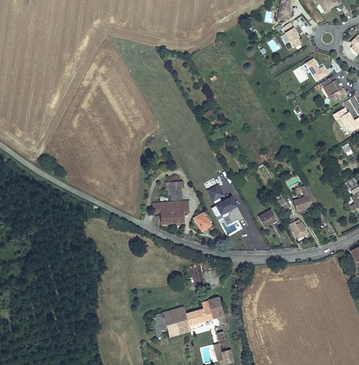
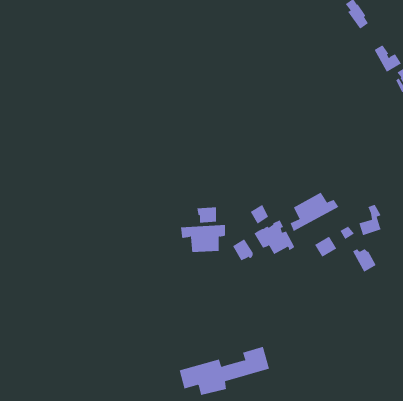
building: none -> [290,192,339,232]

